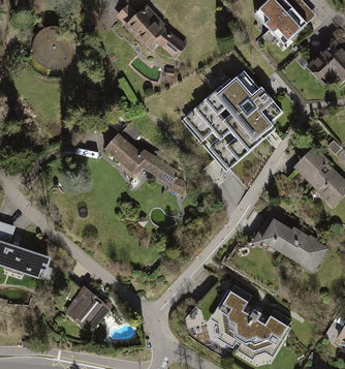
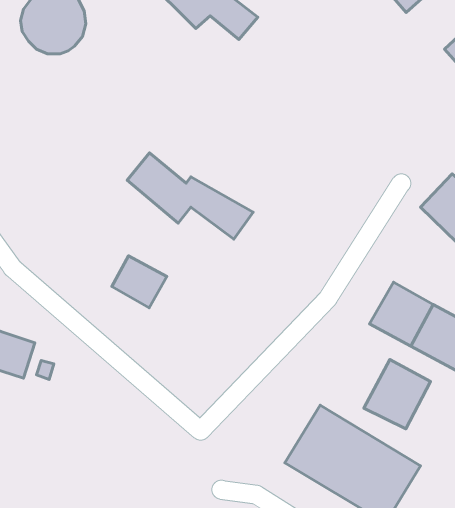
building: [183,73,287,172] -> none
building: none -> [112,256,167,308]
building: none -> [364,360,430,429]
building: [62,284,111,333] -> none

